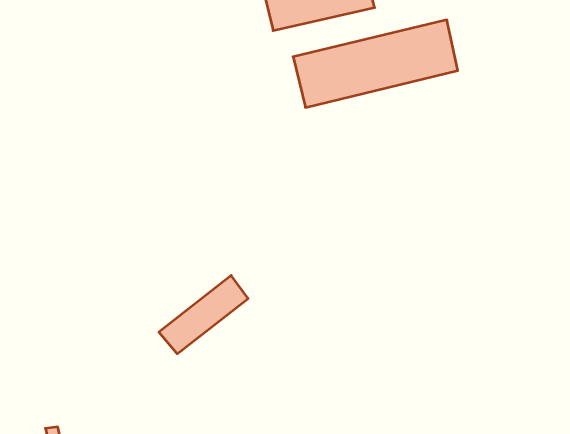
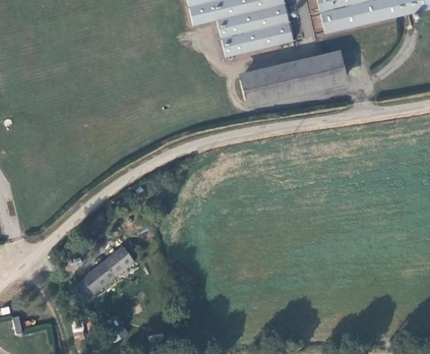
building: [159,275,248,354] -> [77,246,136,298]

